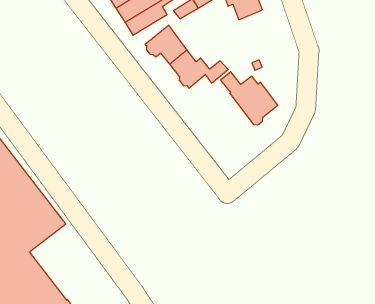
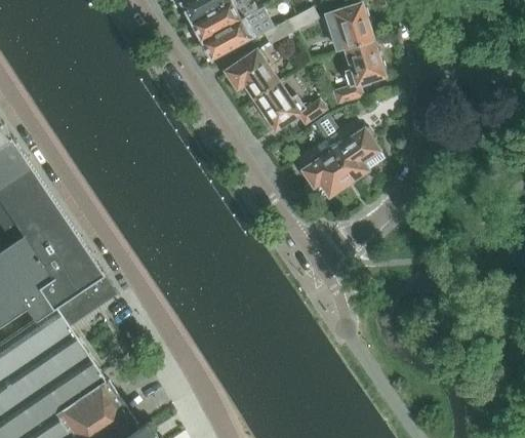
building: none -> [331,40,386,104]
building: none -> [297,141,352,196]

